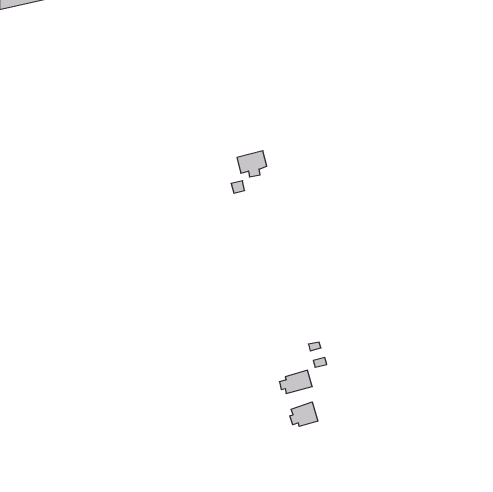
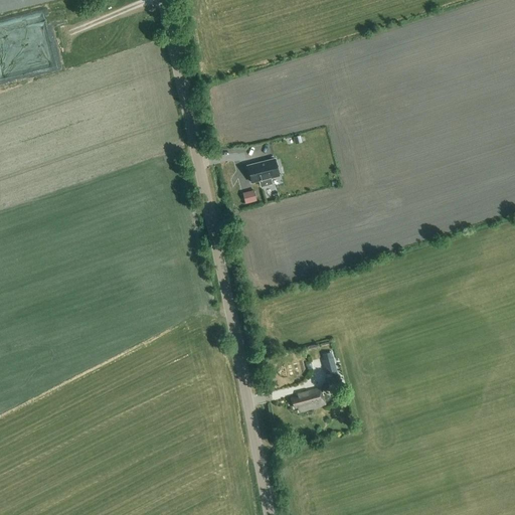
building: [290,402,318,426] -> none

